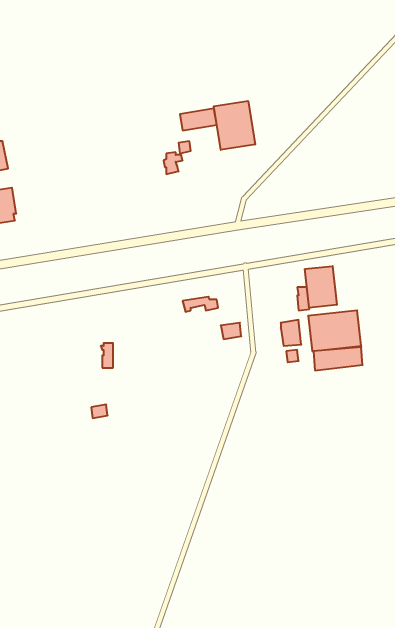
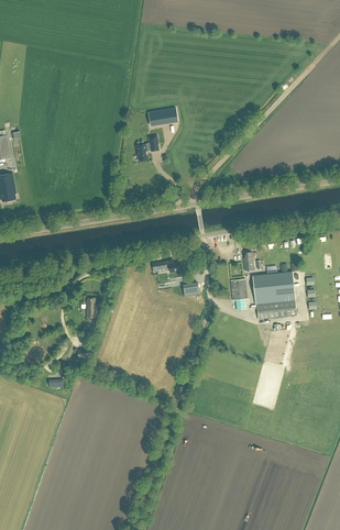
building: [214,101,255,150] -> none
building: [305,266,337,308] -> none

